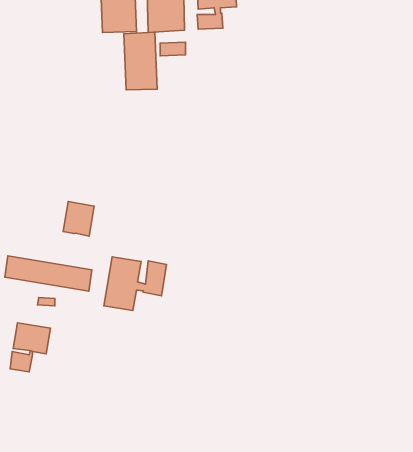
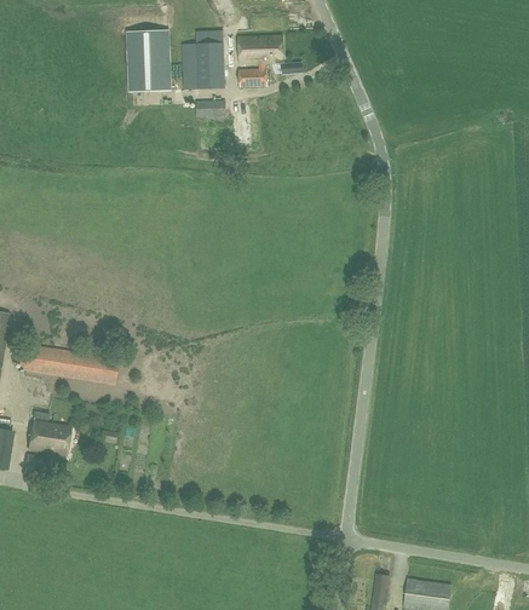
building: [124,32,157,90] -> none
building: [63,202,94,236] -> none
building: [104,257,167,311] -> none

